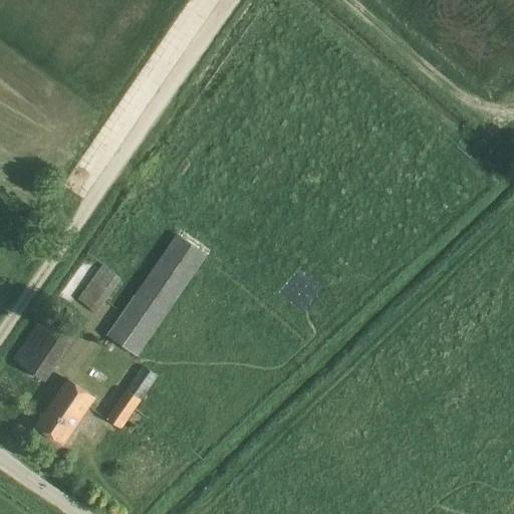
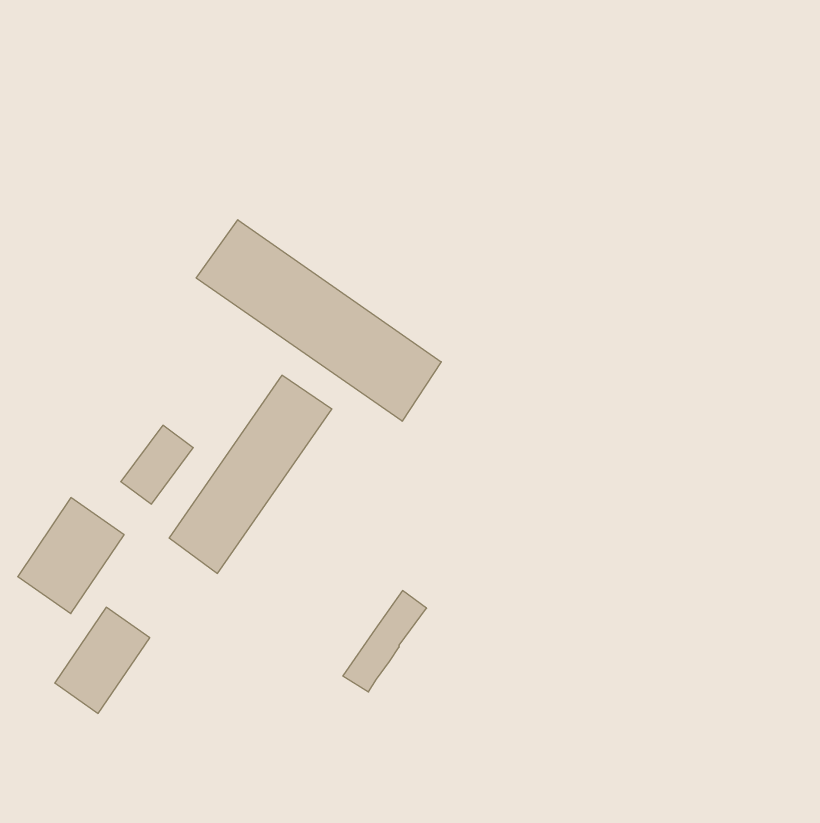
building: none -> [196,220,441,421]
building: [104,365,157,429] -> [343,591,427,692]

